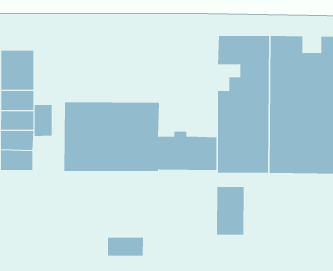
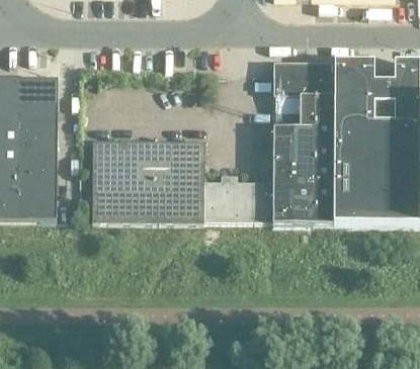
building: [34,104,52,137] -> none
building: [216,186,244,236] -> none
building: [107,237,143,256] -> none

